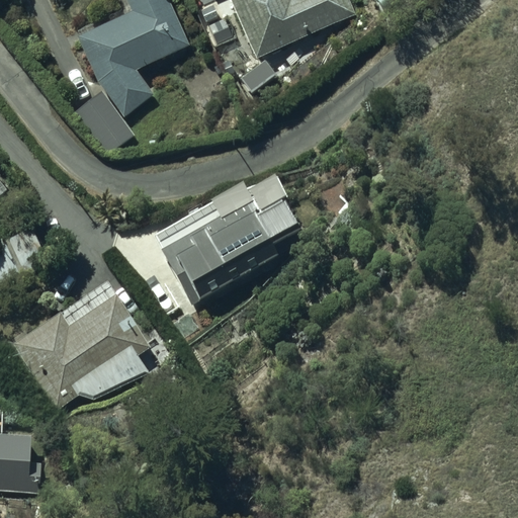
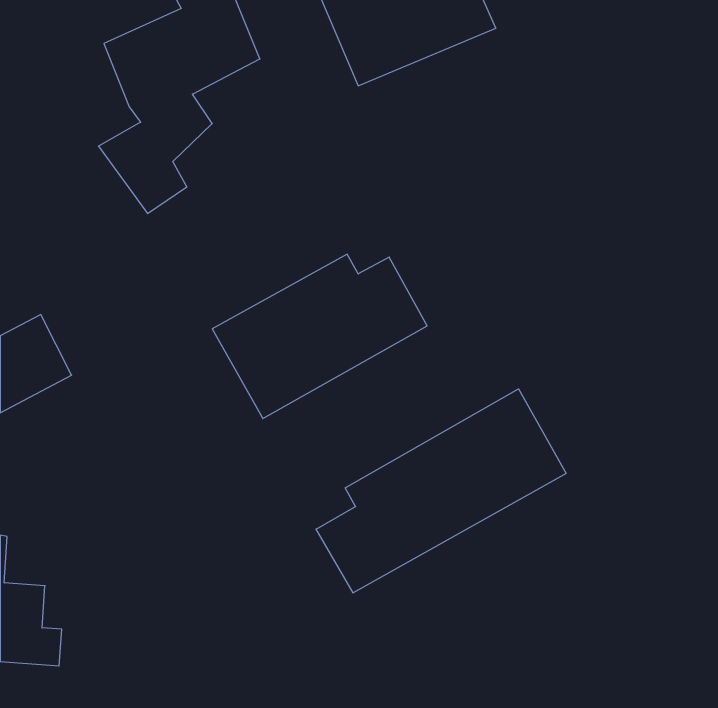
building: none -> [316,389,566,593]
building: [18,286,144,409] -> none

